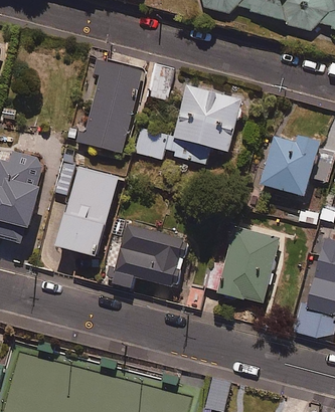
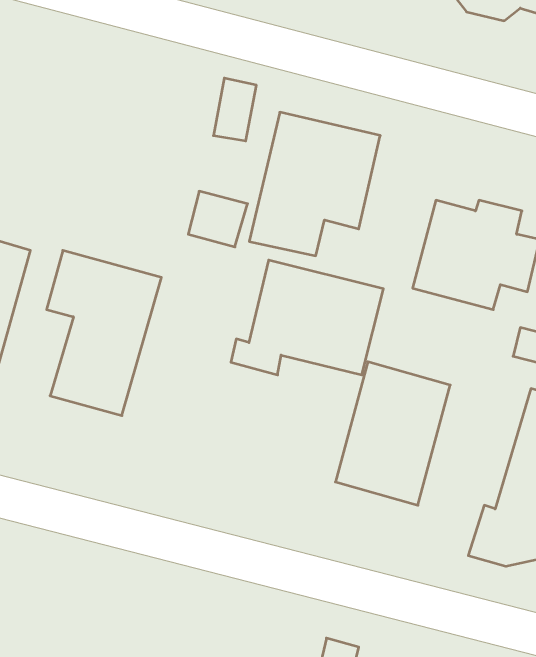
building: [75,58,143,152] -> none
building: [105,224,190,288] -> [231,260,383,375]

